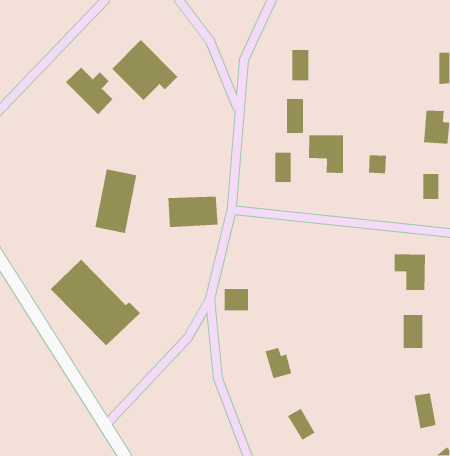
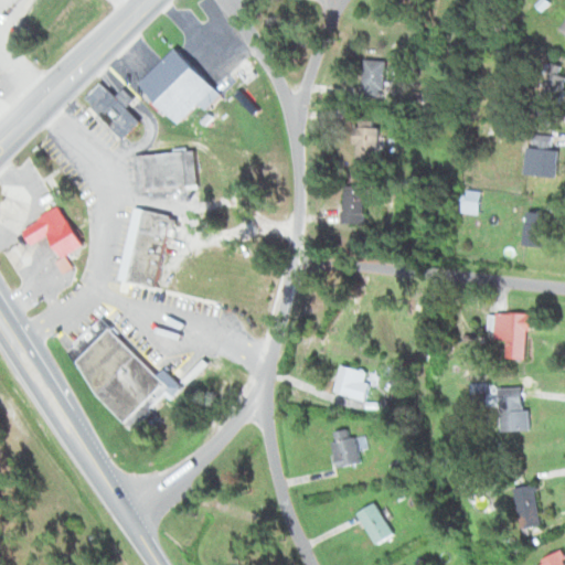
building: [308,135,344,174] -> none
building: none -> [22,209,82,258]
building: [168,196,218,228] -> [132,152,195,192]
building: [224,288,249,311] -> [334,369,365,397]

